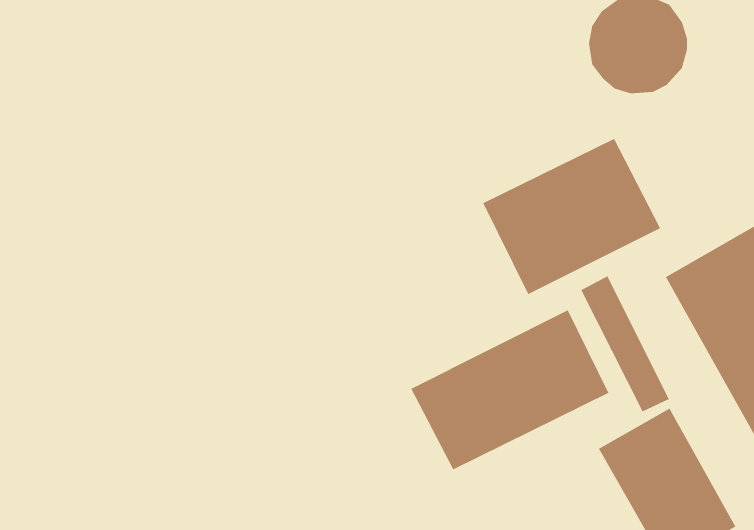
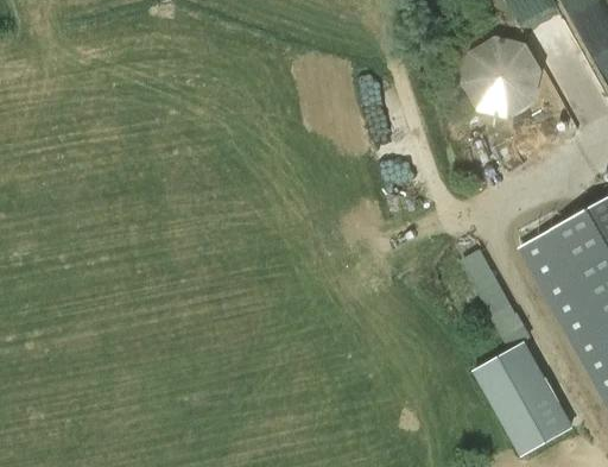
building: [482,138,661,295] -> none
building: [410,309,609,471] -> none

